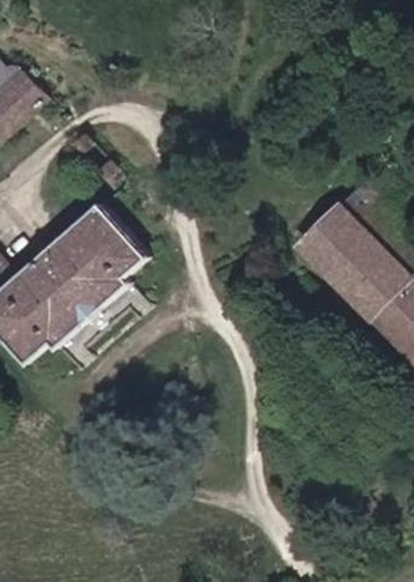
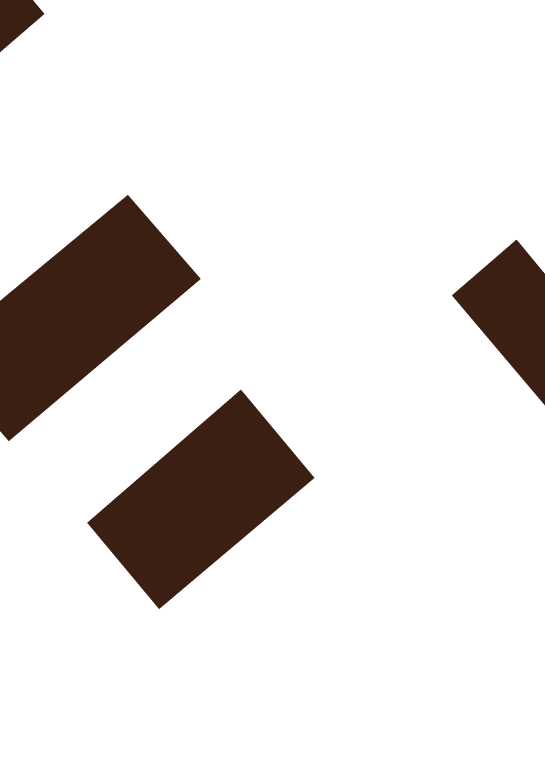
building: none -> [86,389,315,610]

